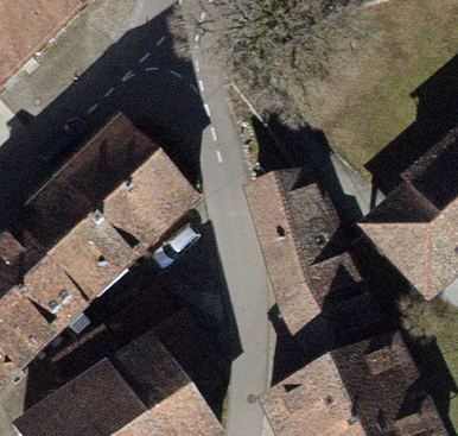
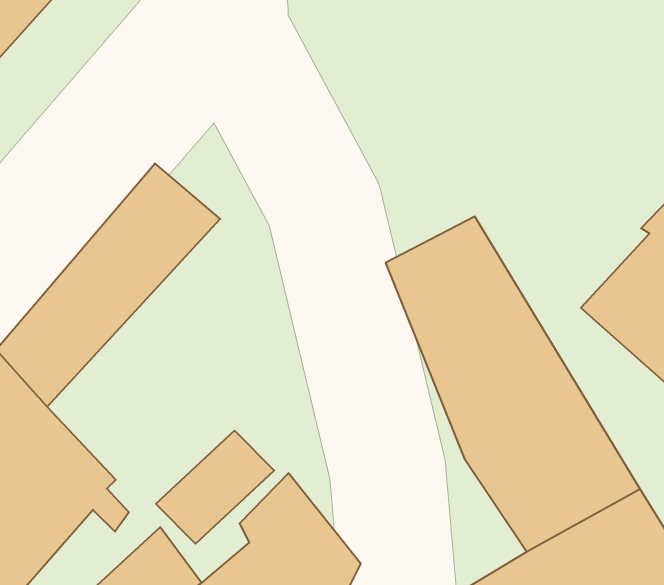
building: [44,160,196,310] -> none

